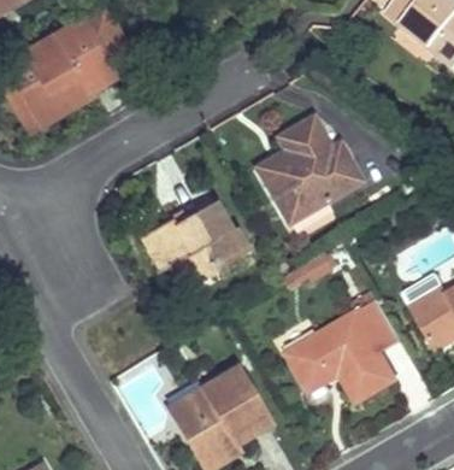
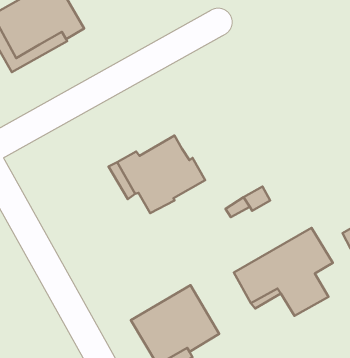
building: [264,113,362,218] -> none

